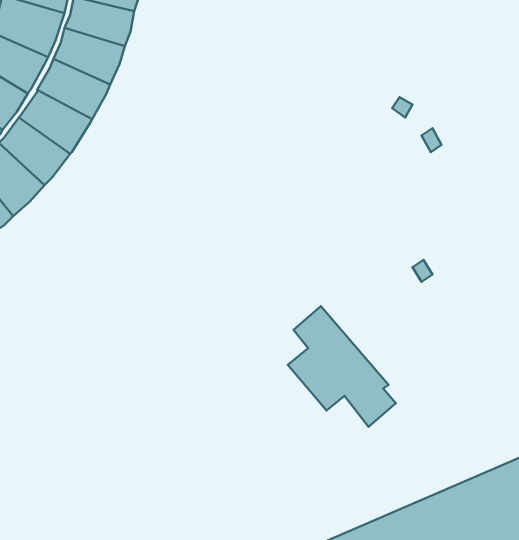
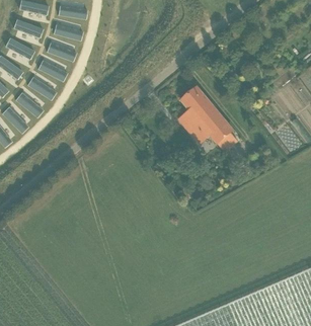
building: [288,306,396,427] -> [178,84,238,151]

